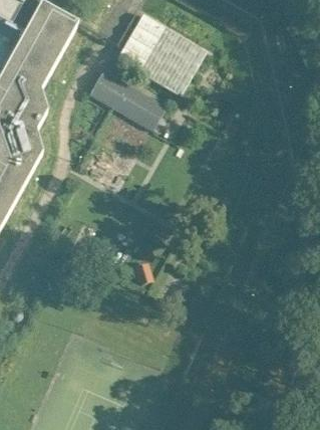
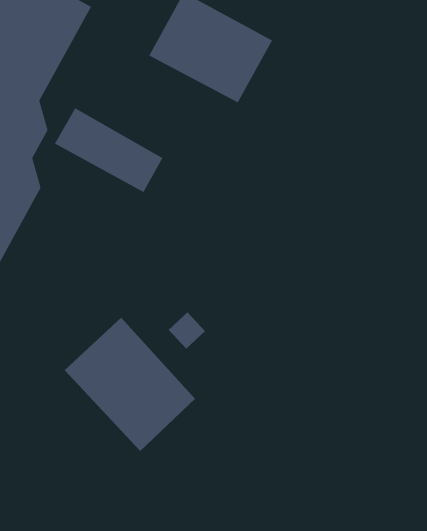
building: [84,68,163,130] -> [54,107,163,193]
building: none -> [64,317,196,452]

